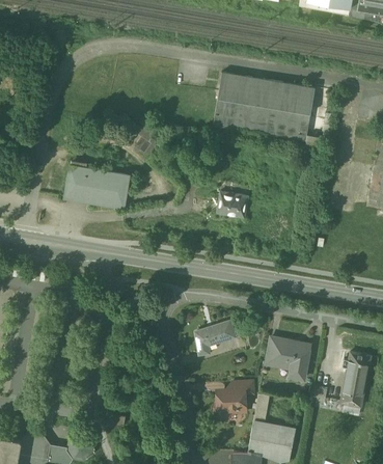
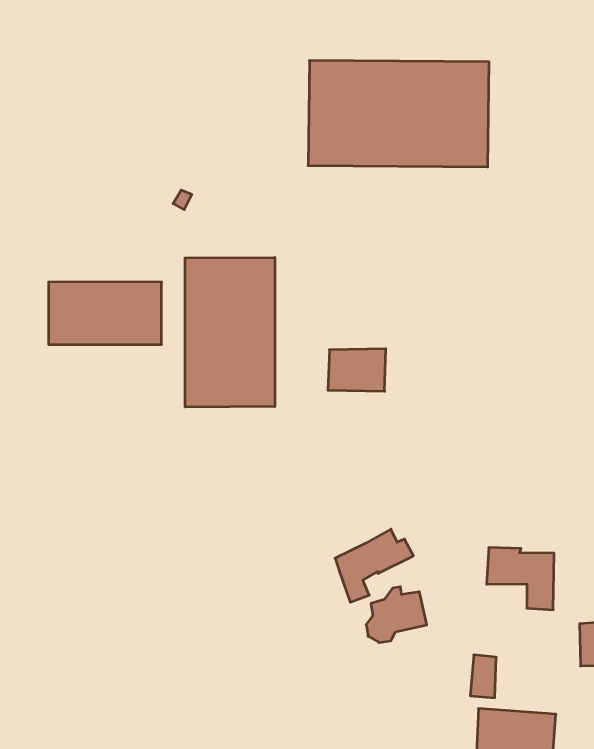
building: none -> [185,257,275,407]
building: [217,190,250,216] -> [328,349,386,391]
building: [214,388,245,415] -> [366,587,427,643]

